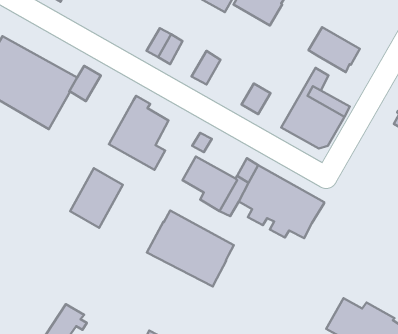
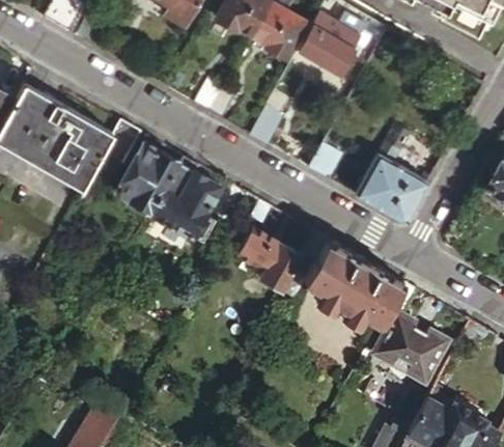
building: [309,27,360,72] -> none
building: [70,168,123,228] -> [116,143,178,214]
building: none -> [372,284,447,383]
building: [147,211,234,286] -> none

